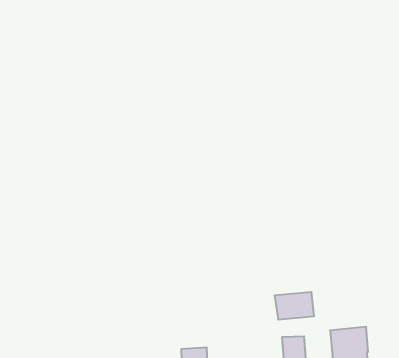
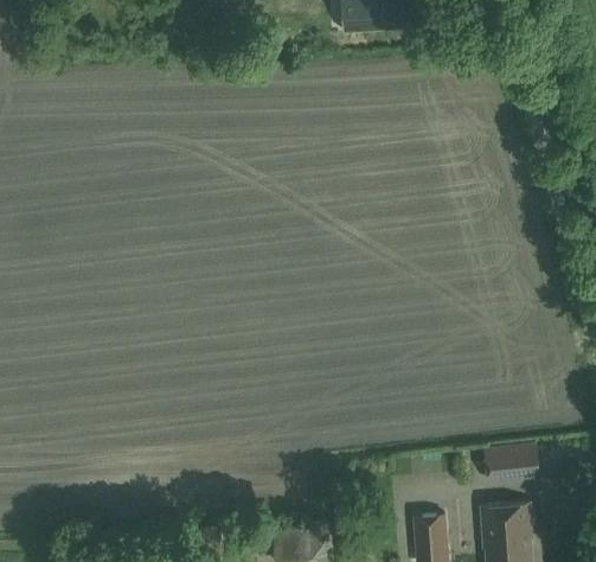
building: [275,292,314,320] -> [485,442,539,480]

